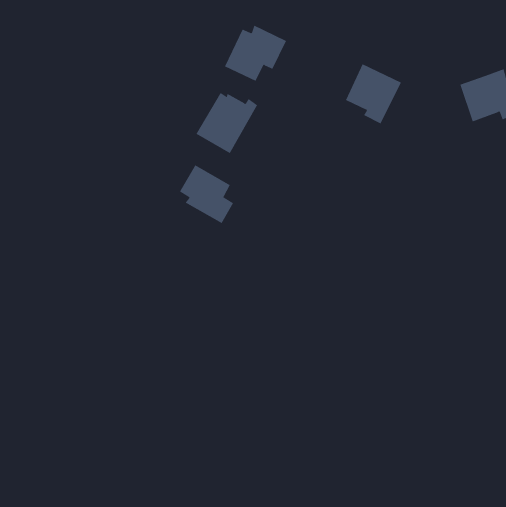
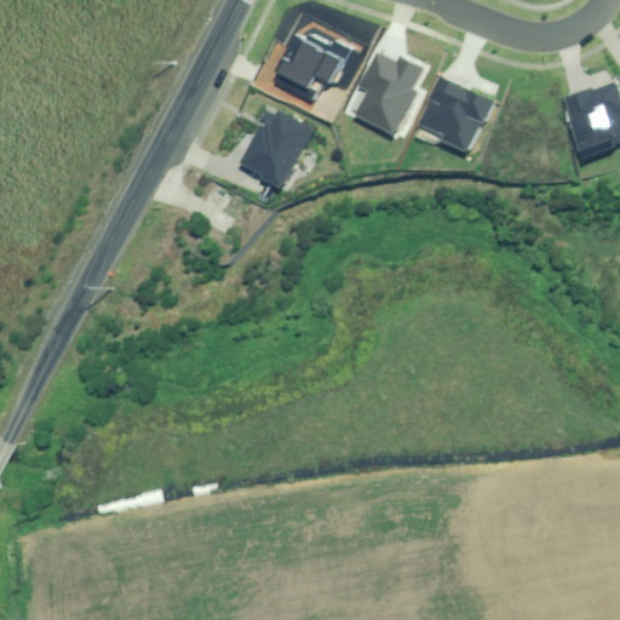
building: none -> [358,54,421,134]
building: [179,164,234,224] -> none

